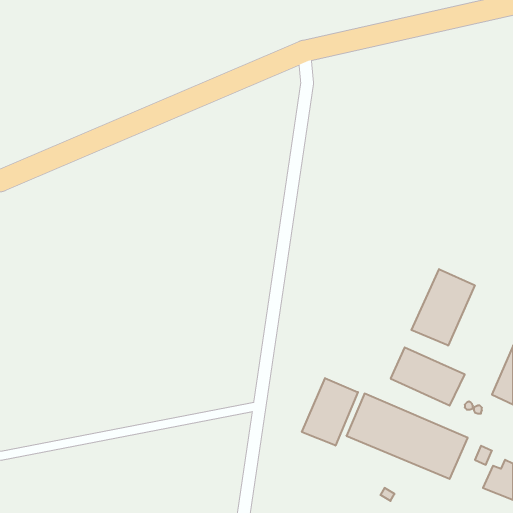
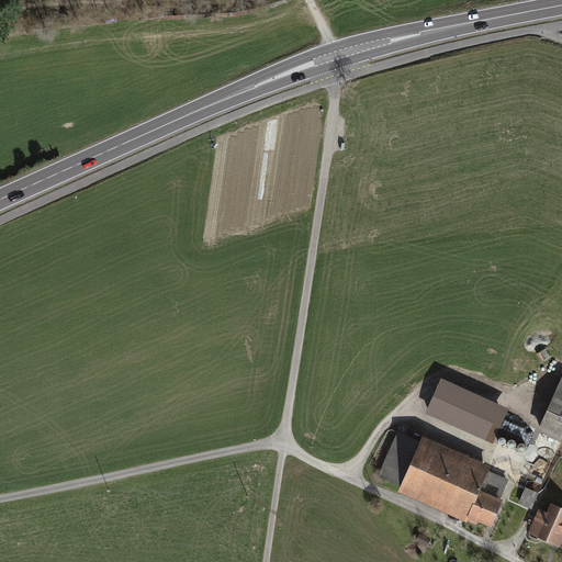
building: [411,269,475,346] -> none
building: [302,378,358,446] -> none

